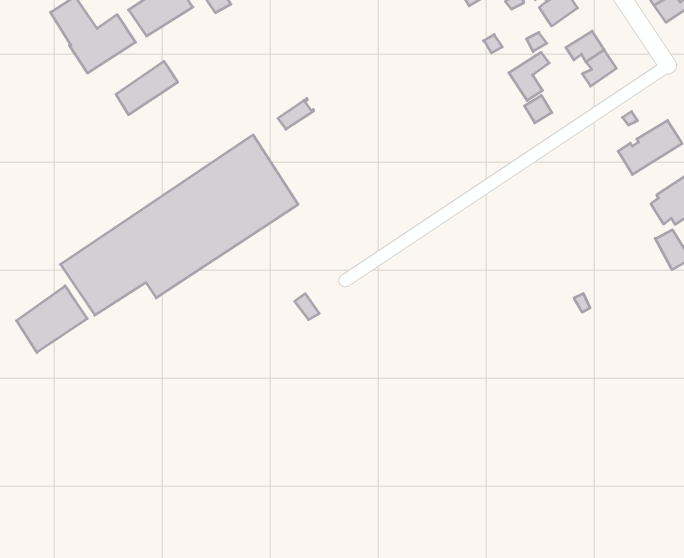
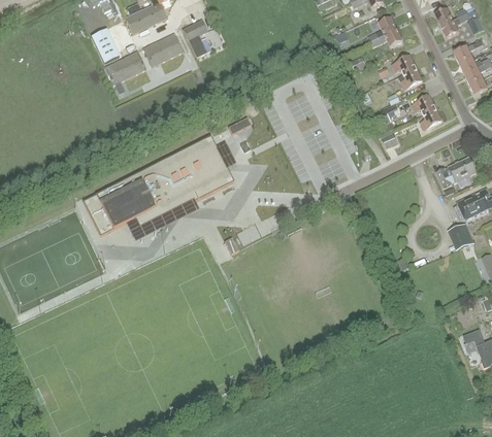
building: [116,61,178,115] -> none
building: [16,286,87,353] -> none

